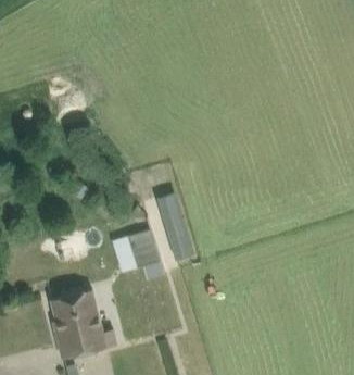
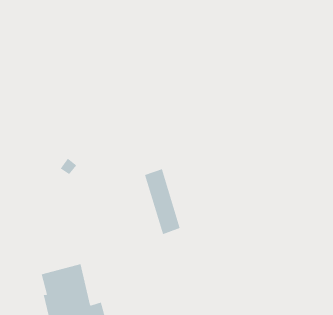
building: [127,230,159,268] -> none

